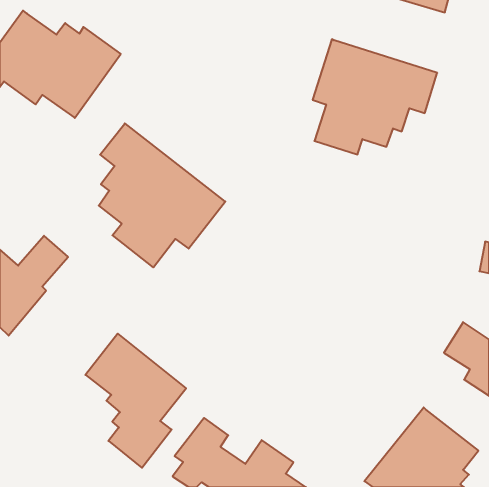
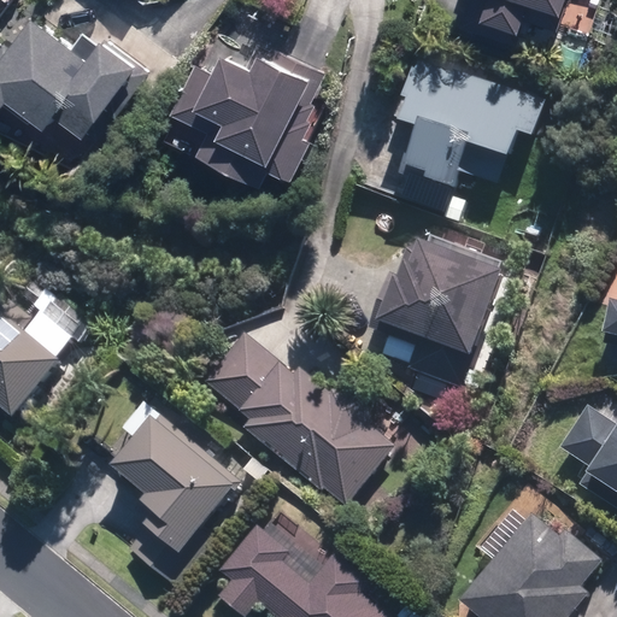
building: none -> [169,35,322,183]
building: [99,123,225,267] -> none
building: none -> [376,235,500,362]
building: none -> [204,331,396,505]

